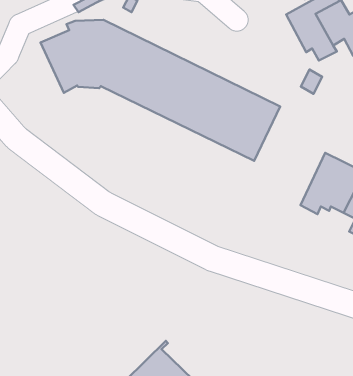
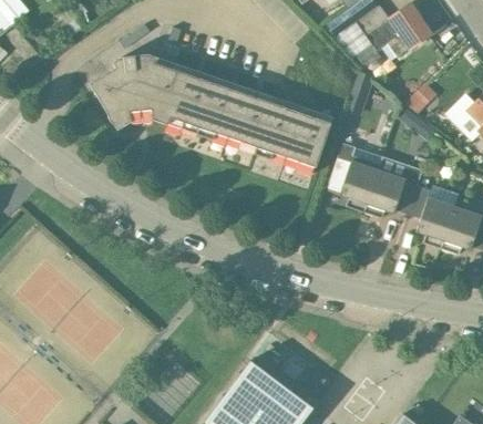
building: none -> [329,144,383,210]

